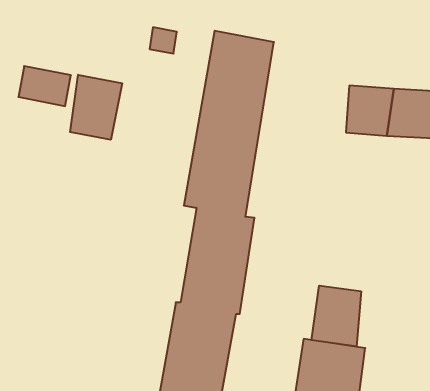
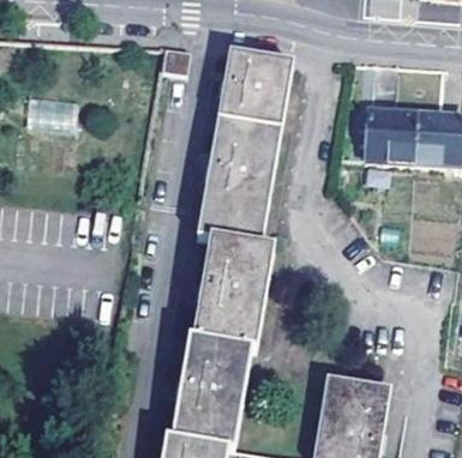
building: [70,75,122,140] -> none
building: [311,286,361,347] -> none

